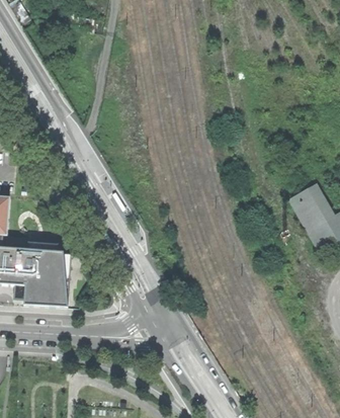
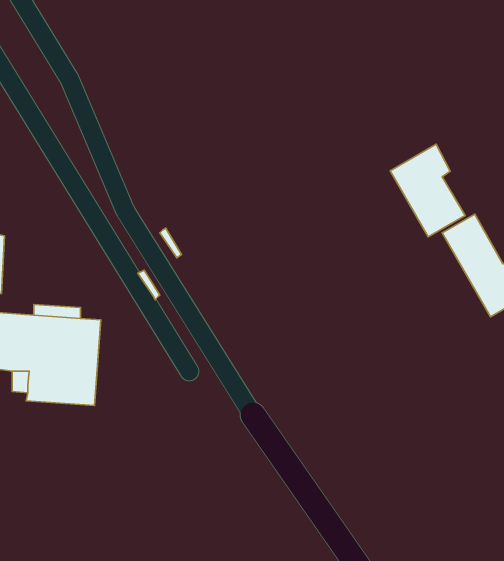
building: none -> [390,144,465,237]

